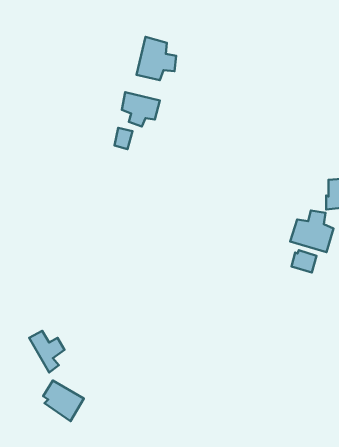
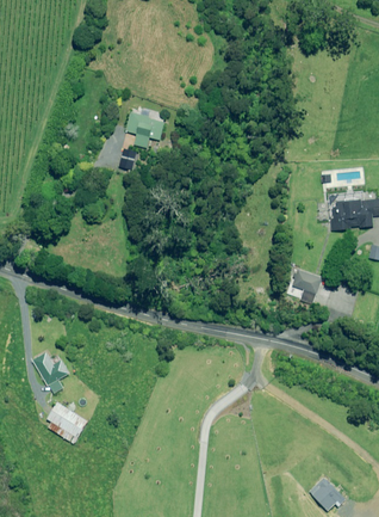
building: [136,37,176,80] -> none
building: [290,211,333,252] -> none

